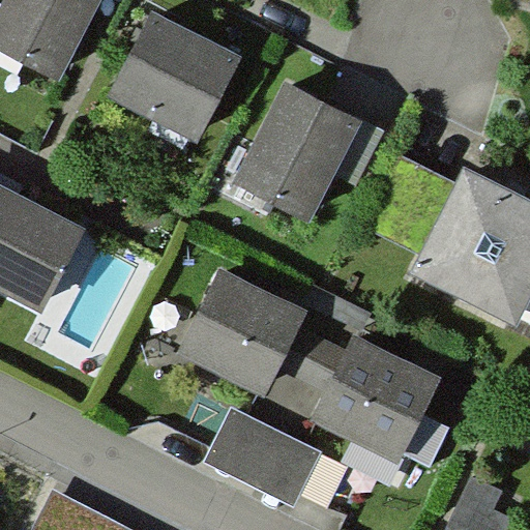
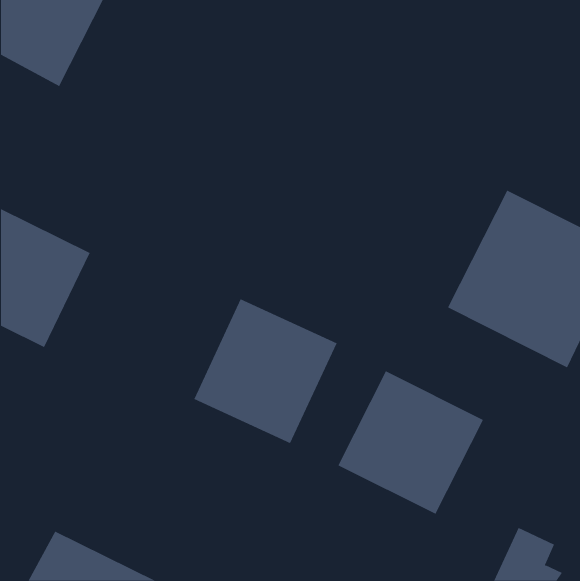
building: [108,16,236,141] -> none
building: [227,82,360,224] -> none
building: [204,405,323,505] -> none

